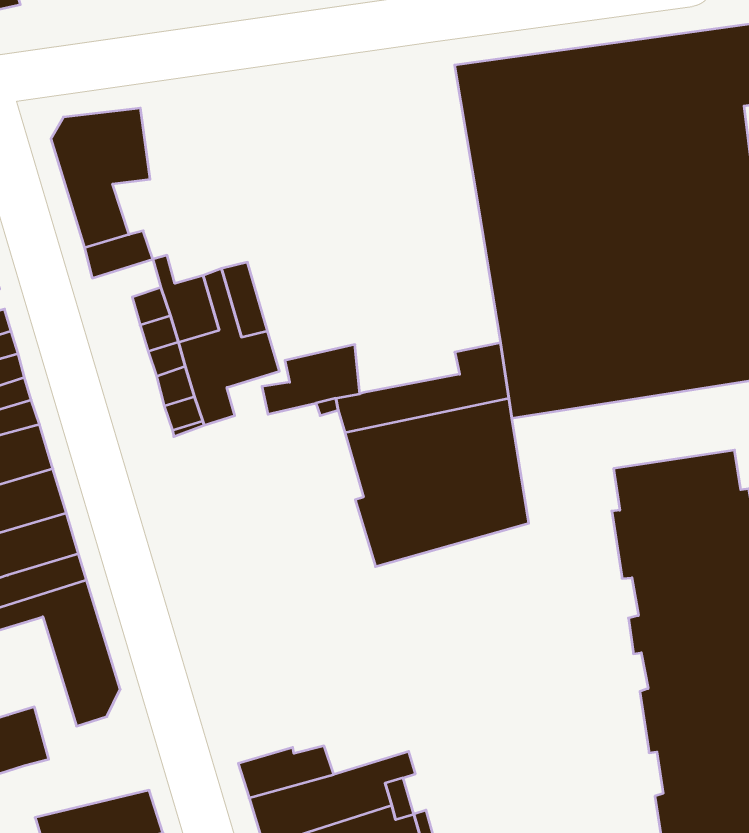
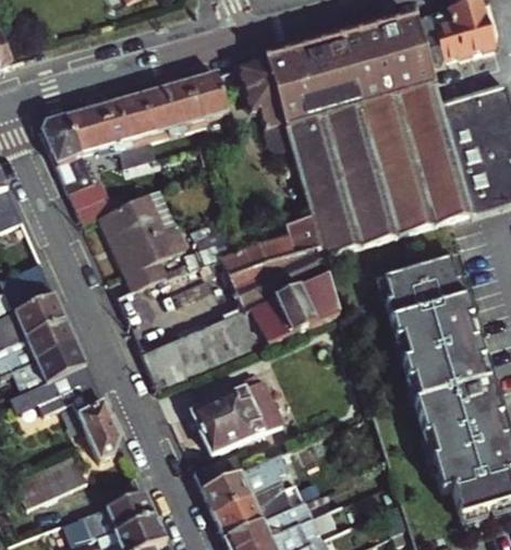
building: none -> [235,61,285,145]
building: none -> [88,74,224,164]
building: none -> [141,313,255,391]
building: none -> [187,382,272,453]

